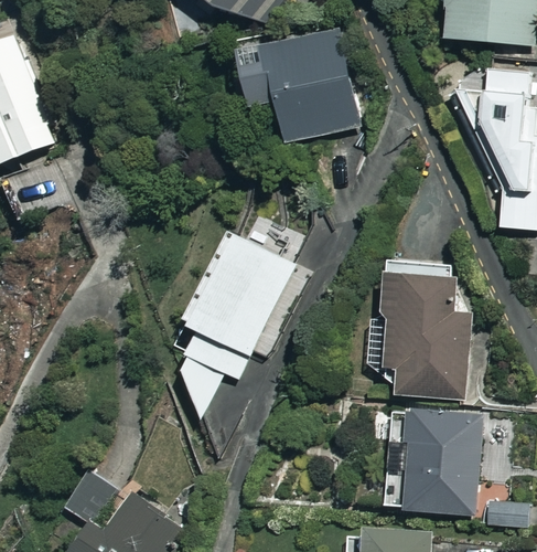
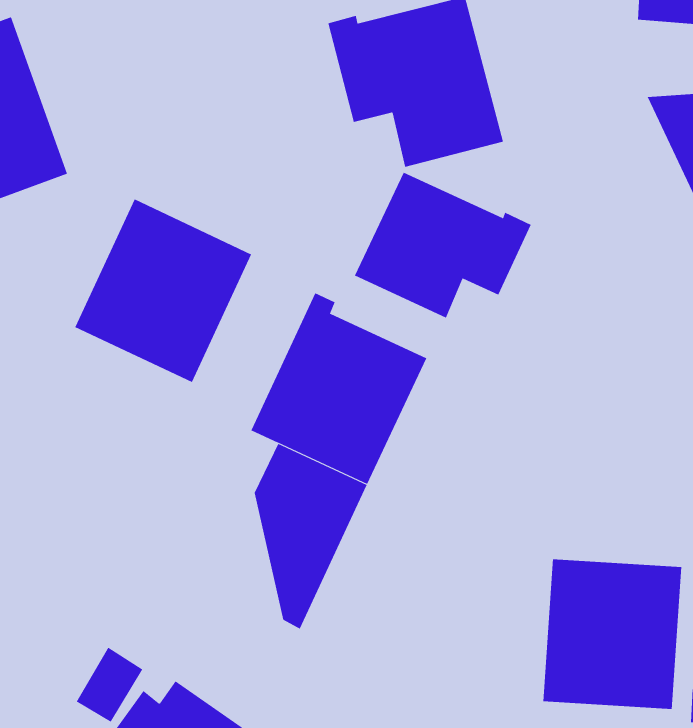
building: none -> [354,172,532,318]
building: none -> [74,199,252,383]
building: [364,261,464,399] -> none

